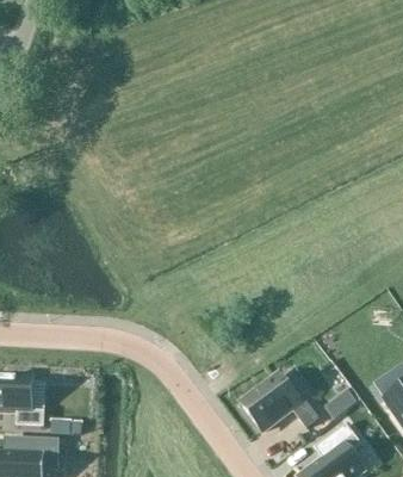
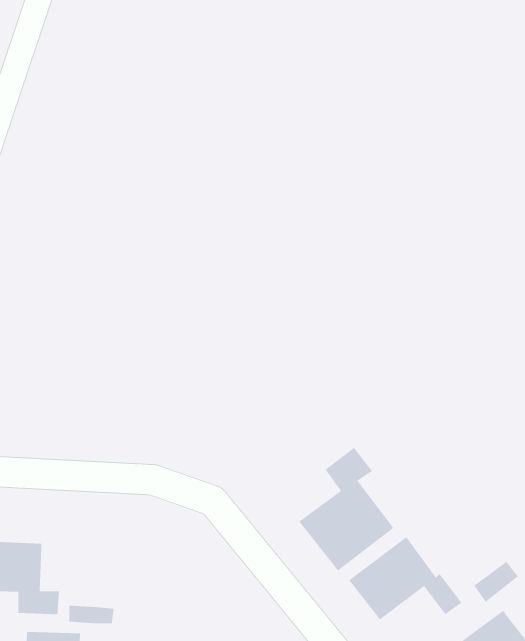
building: none -> [298,447,394,572]

